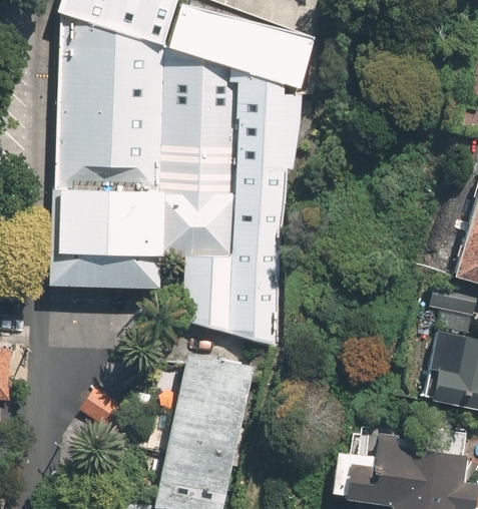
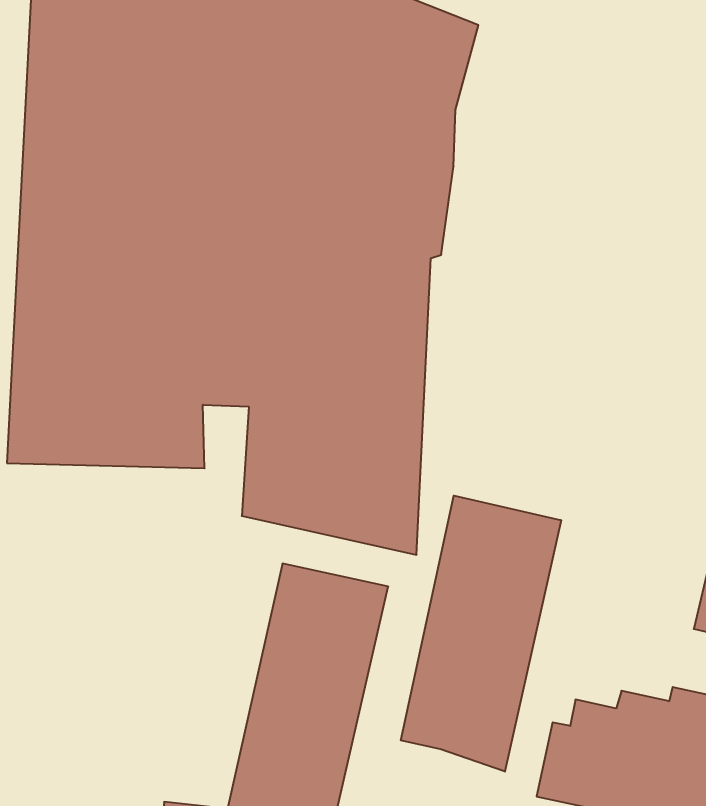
building: none -> [401,496,561,772]

